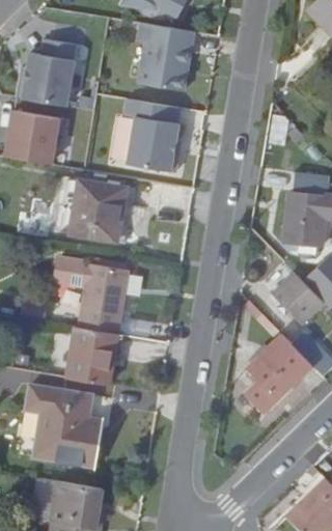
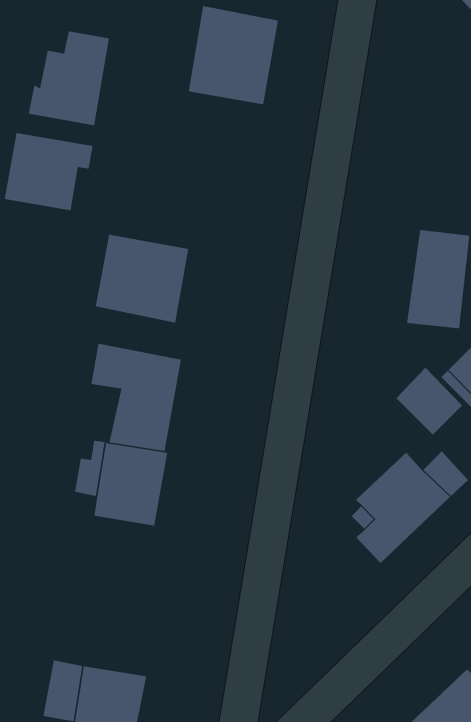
building: [124,97,182,173] -> none
building: [24,384,101,468] -> none

